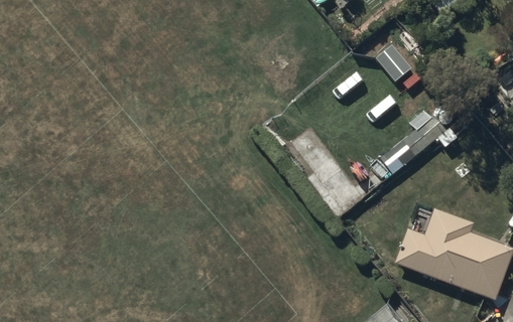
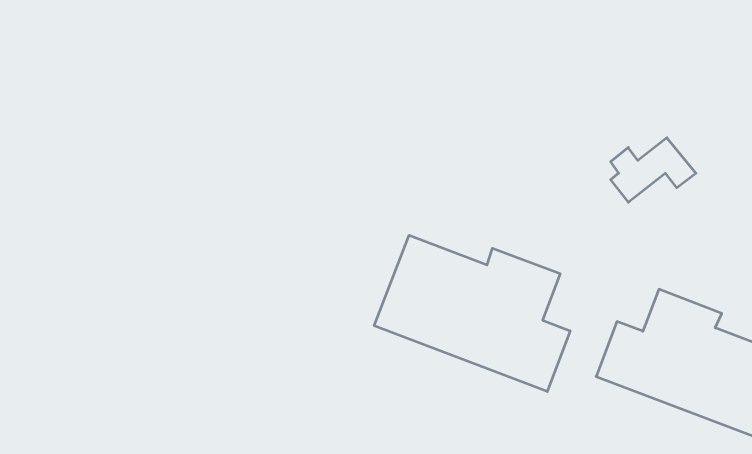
building: none -> [374,235,570,392]

